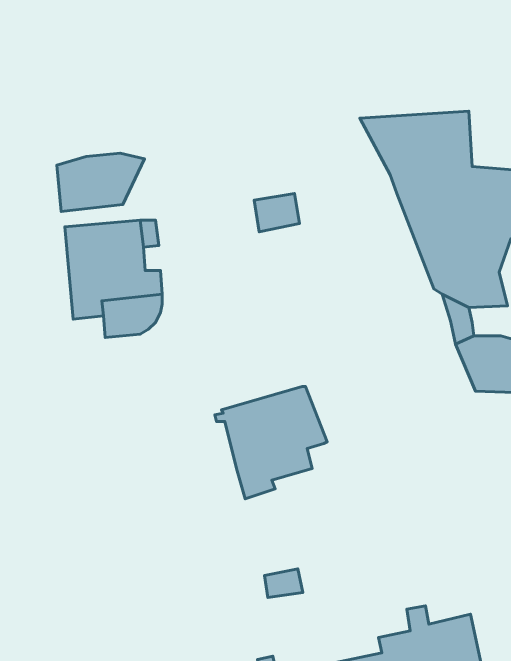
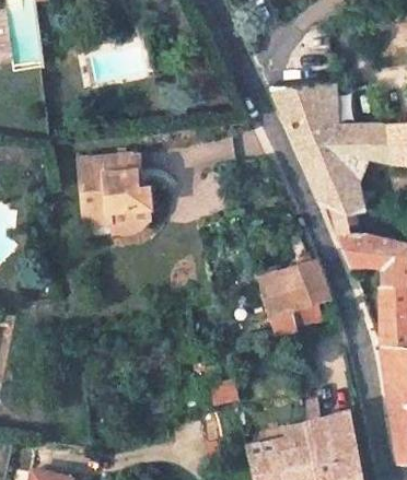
building: [57,153,145,212] -> none
building: [215,386,327,499] -> [256,261,329,335]

